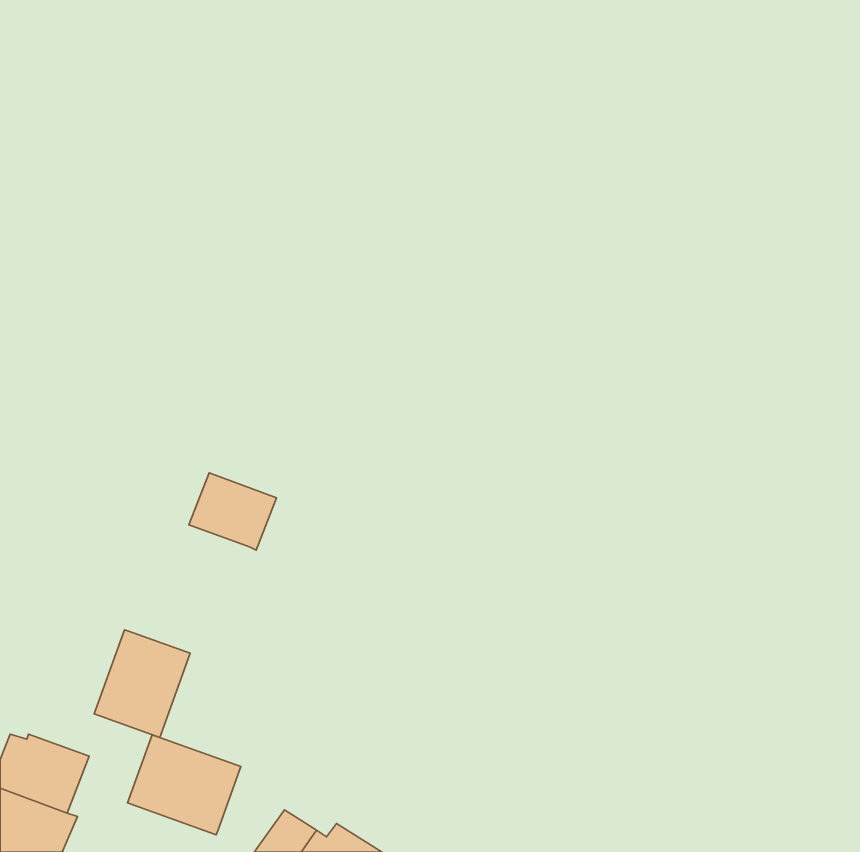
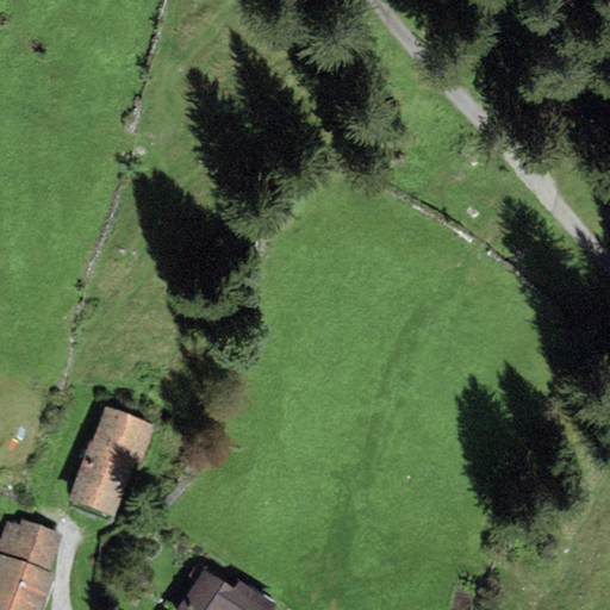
building: [189,473,276,550] -> [92,410,154,465]
building: [128,735,241,835] -> none

